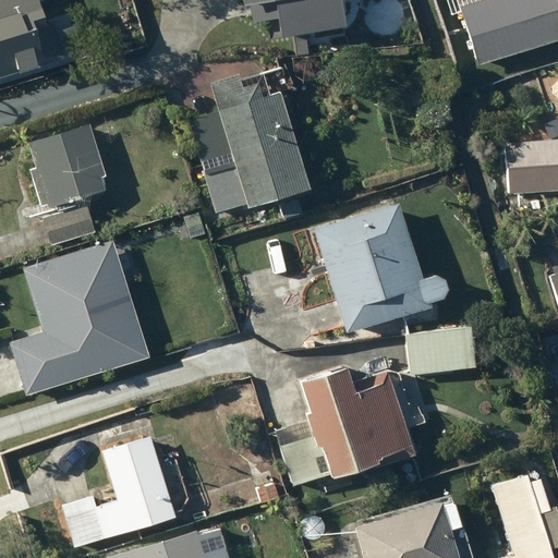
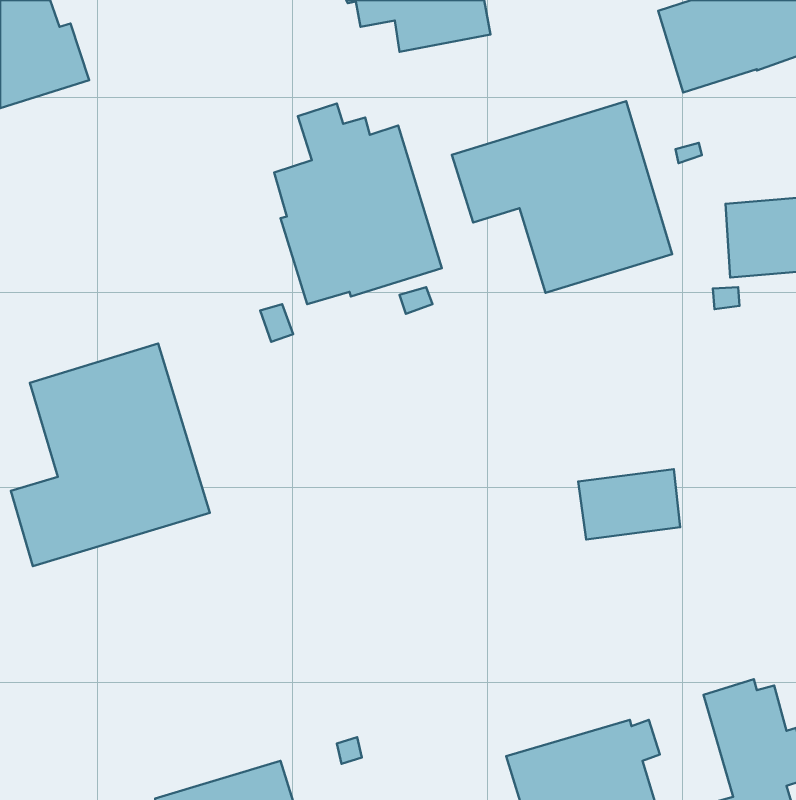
building: none -> [452,101,672,293]
building: [31,125,107,245] -> none
building: [315,203,449,332] -> none
building: [280,365,416,486] -> none
building: [63,436,177,547] -> none

